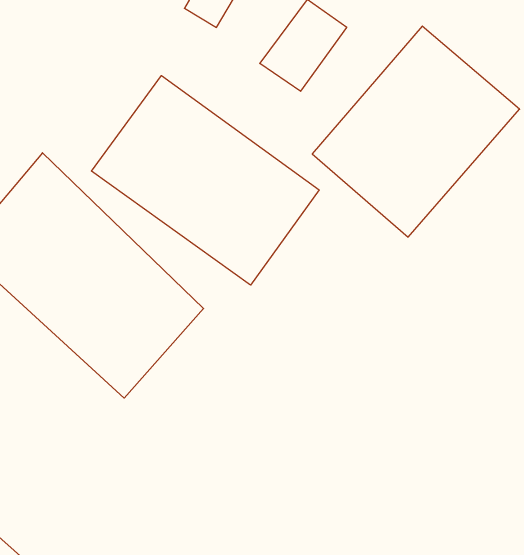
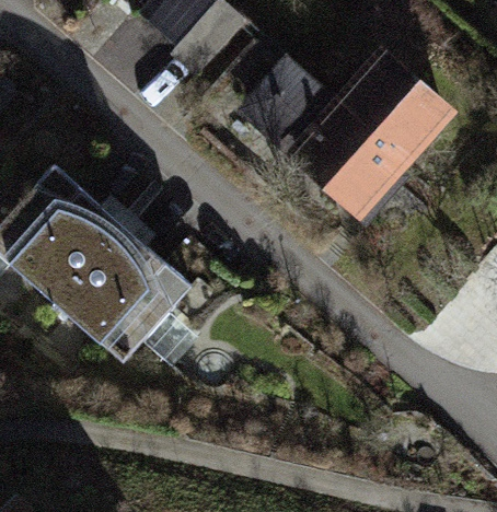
building: [91,76,319,285] -> none

